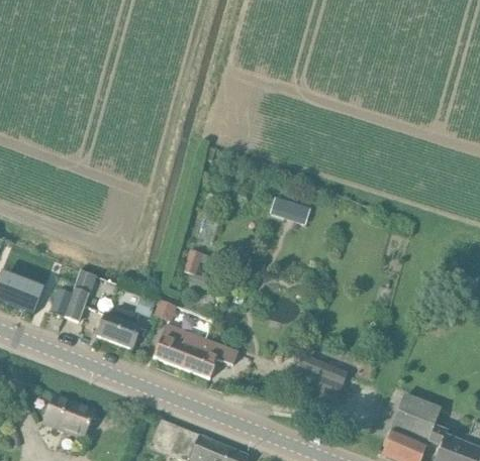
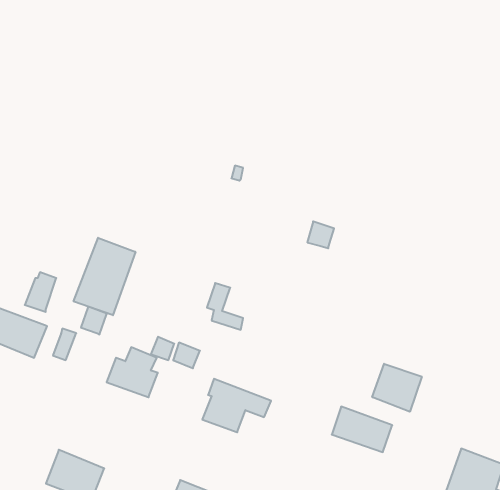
building: none -> [74,238,135,315]
building: [62,287,89,322] -> [25,272,56,312]
building: none -> [372,364,422,412]
building: [155,323,190,367] -> none

